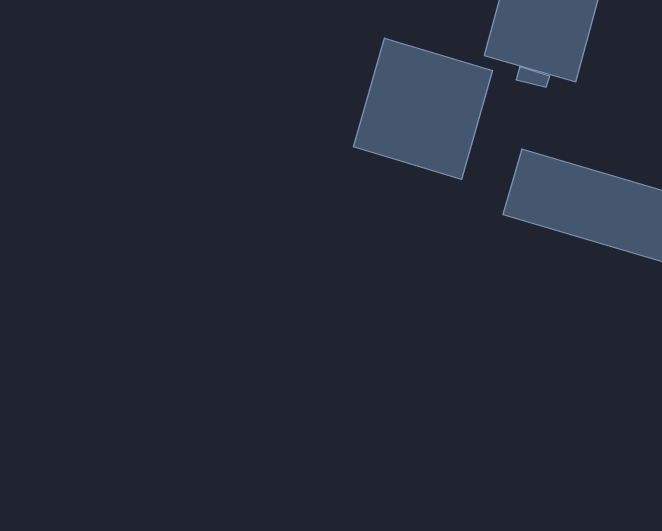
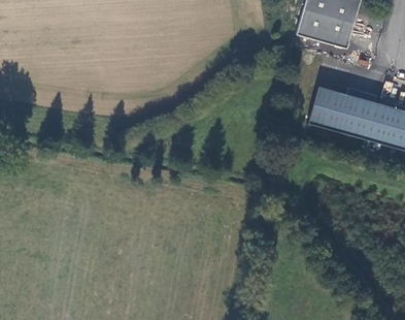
building: [354,38,493,179] -> none

